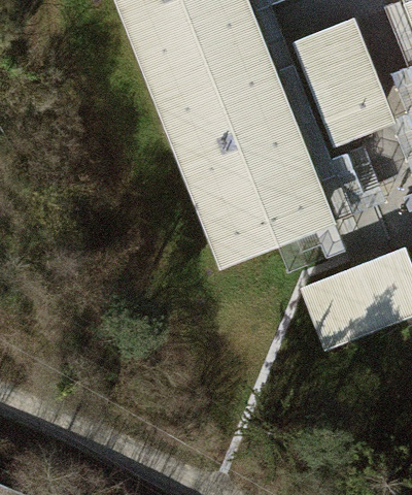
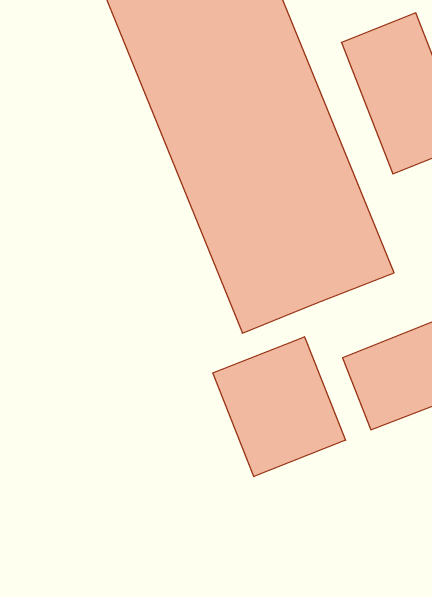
building: none -> [213,337,346,477]

